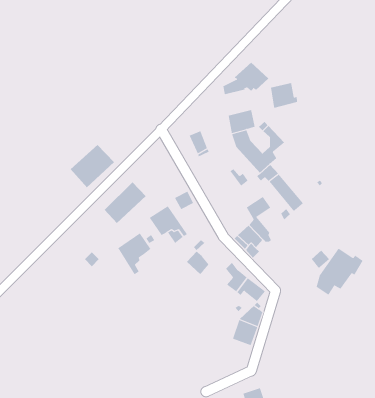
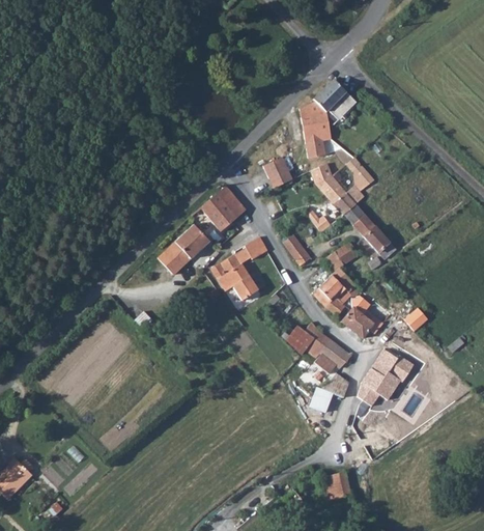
building: [270,82,298,108] -> [302,114,335,145]
building: [70,144,115,188] -> [191,187,245,240]
building: none -> [284,234,312,267]
building: [117,232,151,275] -> none
building: [316,248,363,296] -> [358,347,415,404]
building: none -> [341,305,388,338]
building: [186,251,210,275] -> [283,323,311,352]

